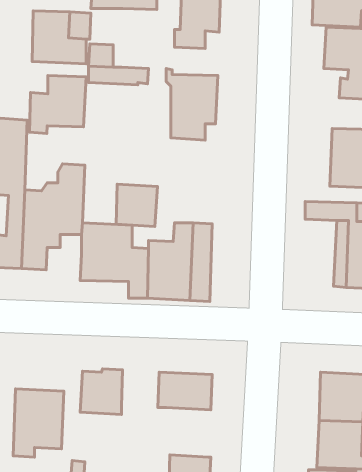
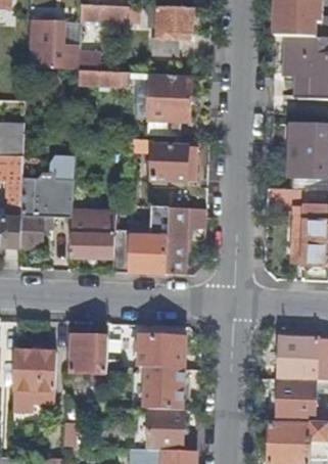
building: [29,76,86,133] -> none
building: [116,184,157,226] -> [151,143,187,180]
building: none -> [144,366,184,409]

